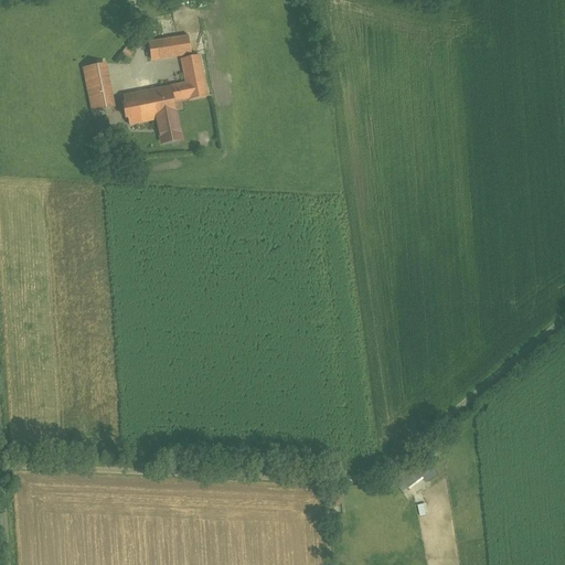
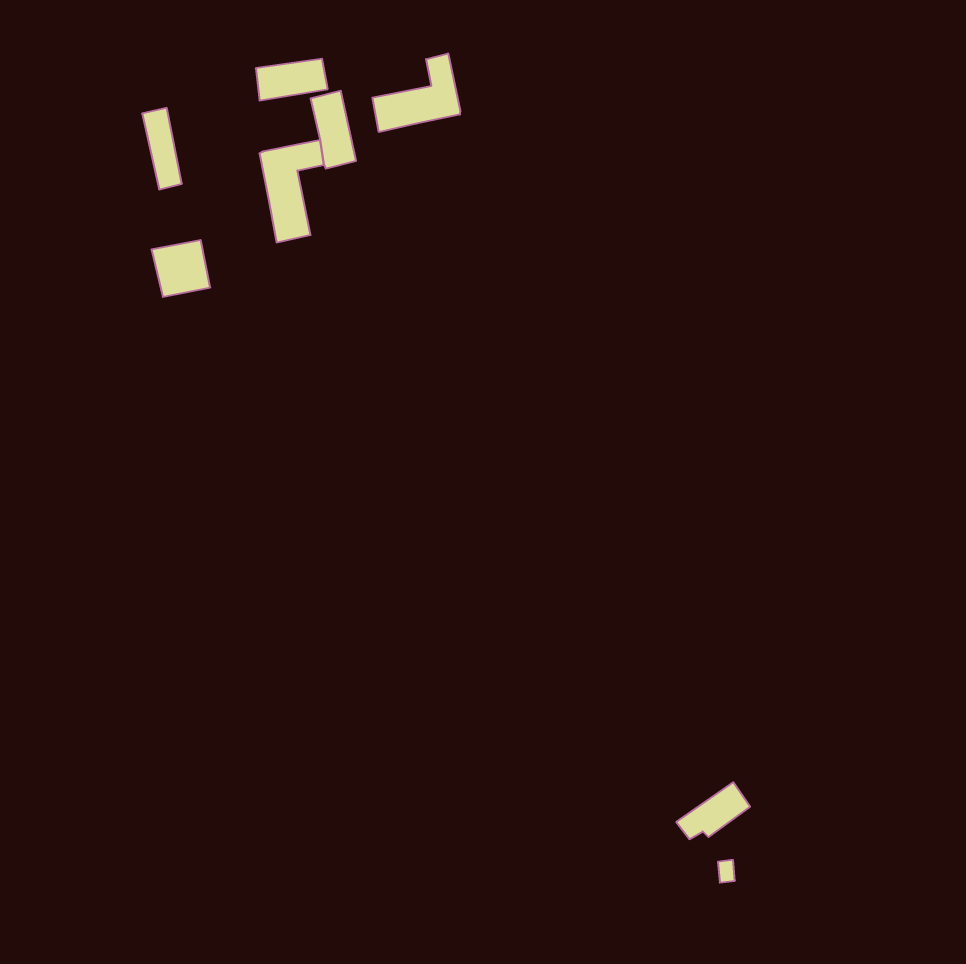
building: none -> [372,53,460,132]
building: [122,89,157,122] -> [151,240,210,297]

